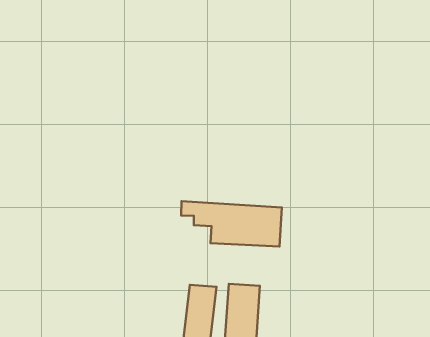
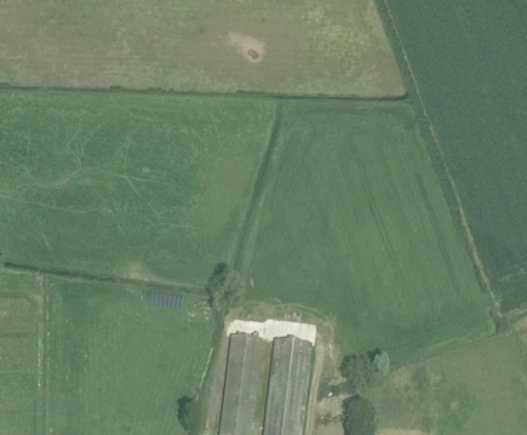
building: [181,201,282,247] -> none

